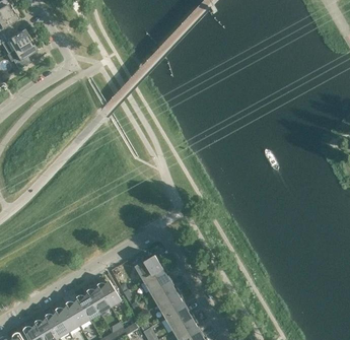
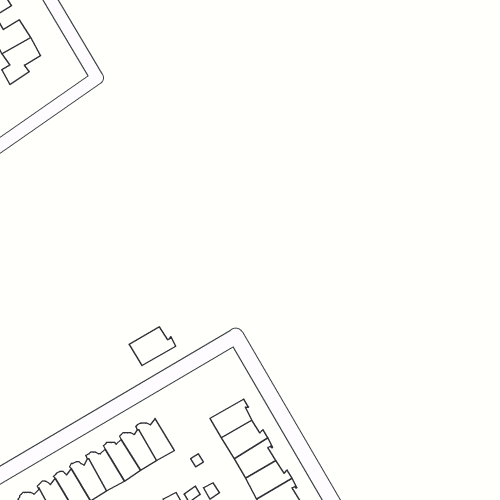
building: [135,256,164,280] -> [129,327,176,366]

